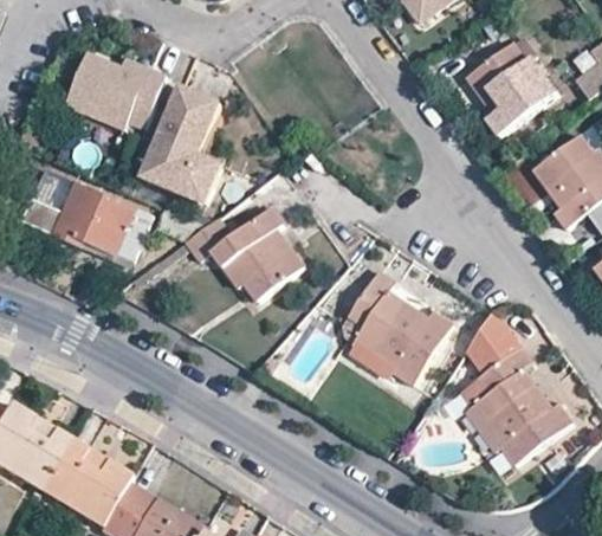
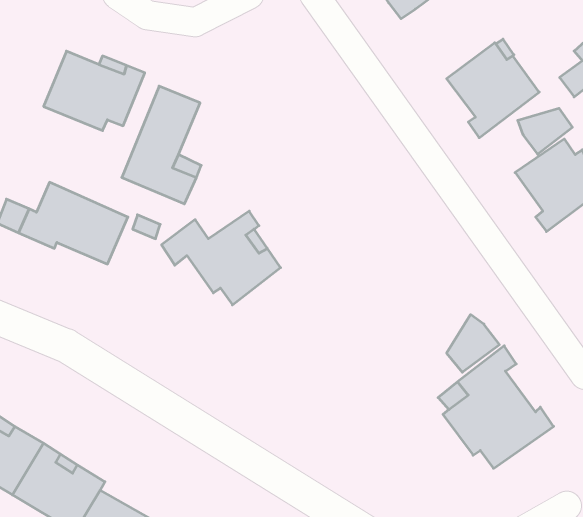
building: none -> [518,108,572,154]
building: [345,270,451,386] -> none

